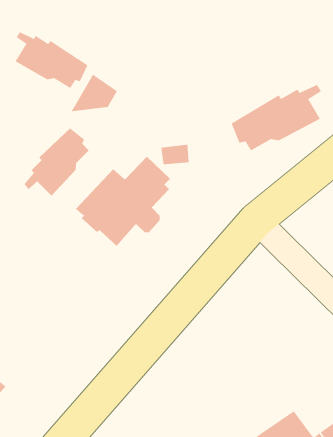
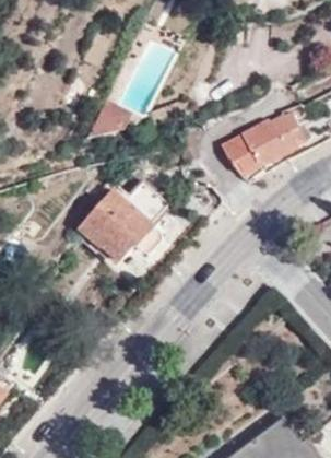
building: [15,31,88,89] -> none
building: [24,128,90,196] -> none

